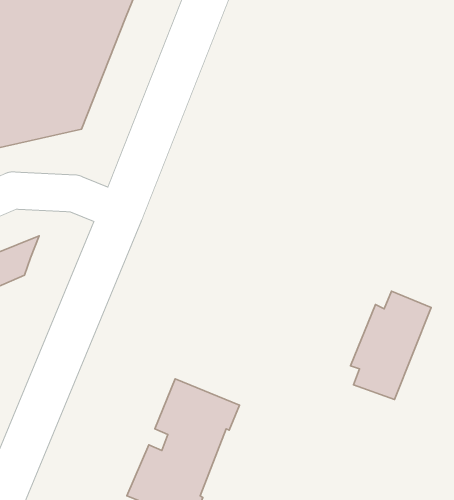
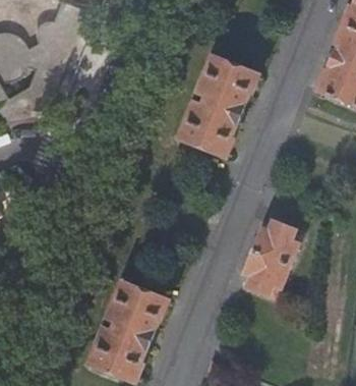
building: none -> [168,43,258,155]

